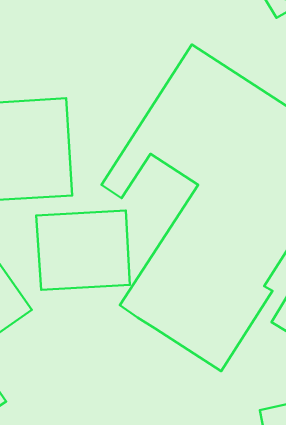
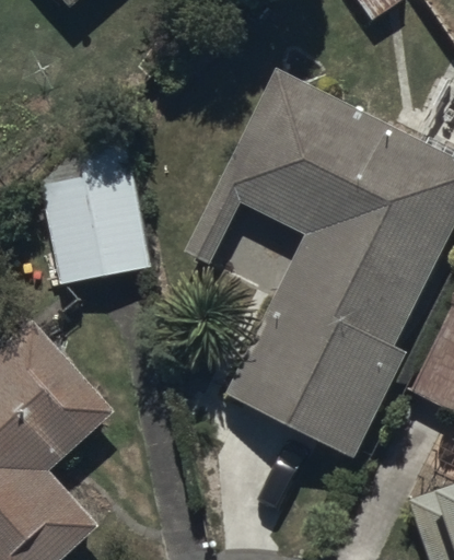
building: [36,210,130,290] -> none

